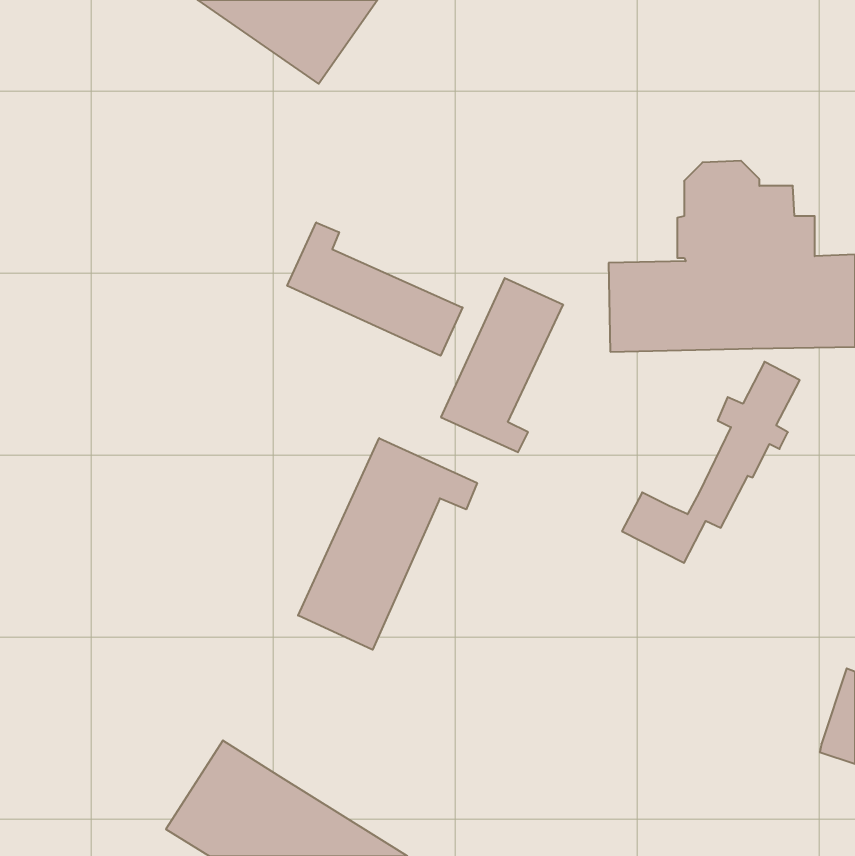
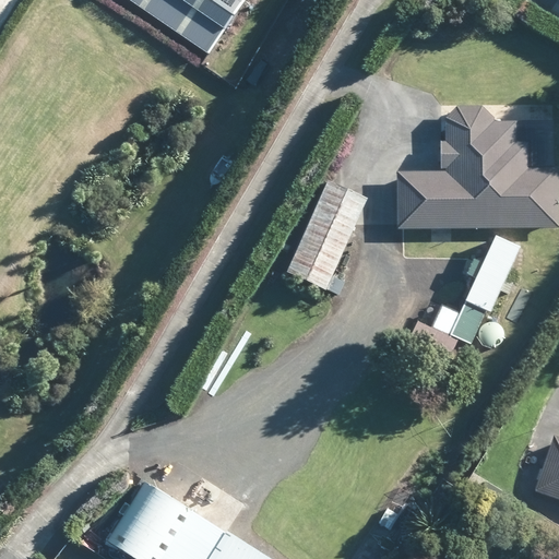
building: [287,222,463,356] -> none
building: [298,438,477,650] -> none

